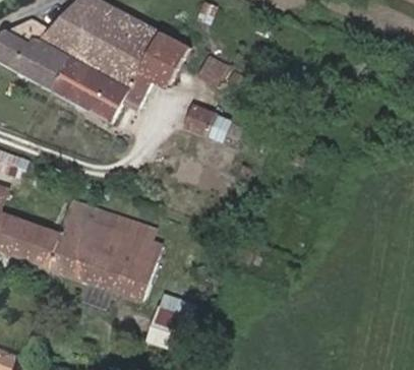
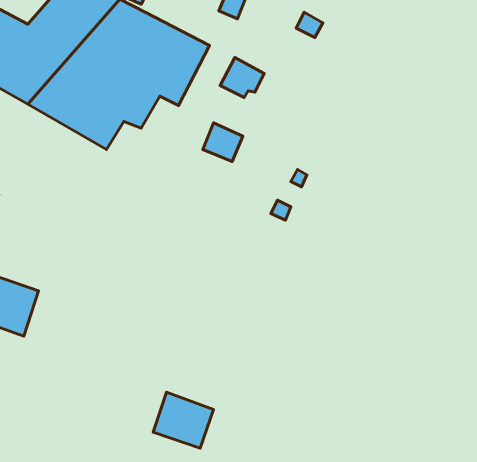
building: [49,199,161,303] -> none

